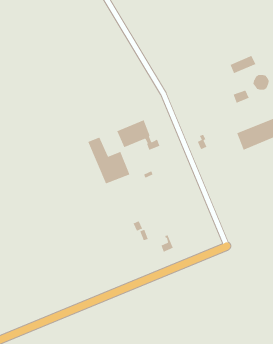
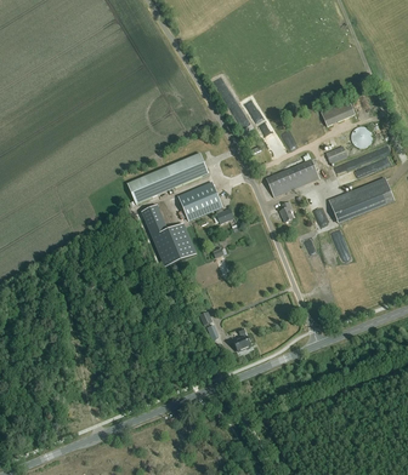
building: none -> [126,153,208,202]
building: none -> [265,158,318,196]

